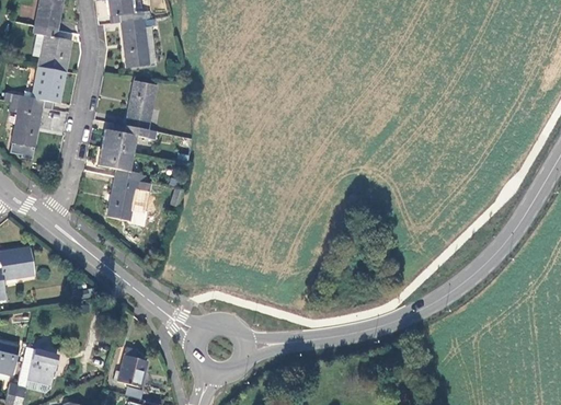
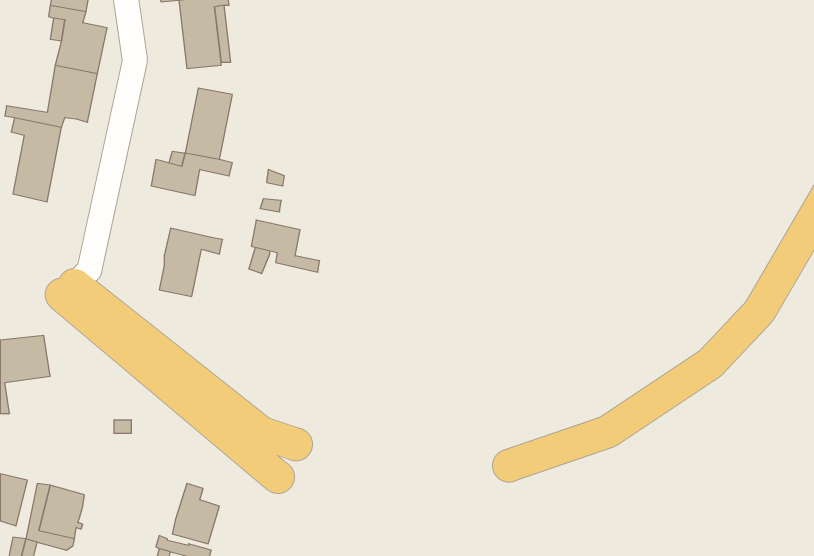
building: [100,147,146,182] -> [251,220,320,272]

